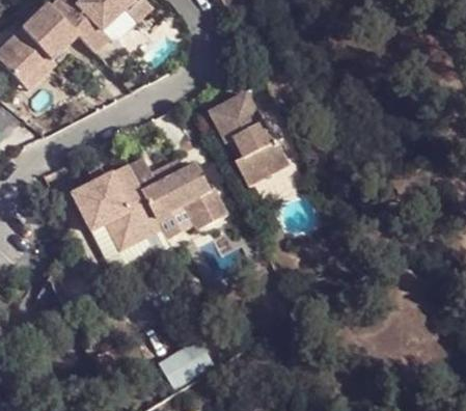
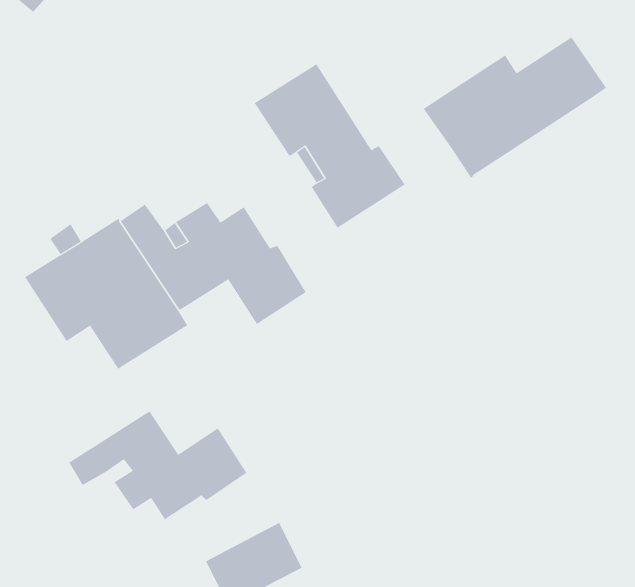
building: none -> [423,36,607,179]
building: none -> [68,410,247,520]

